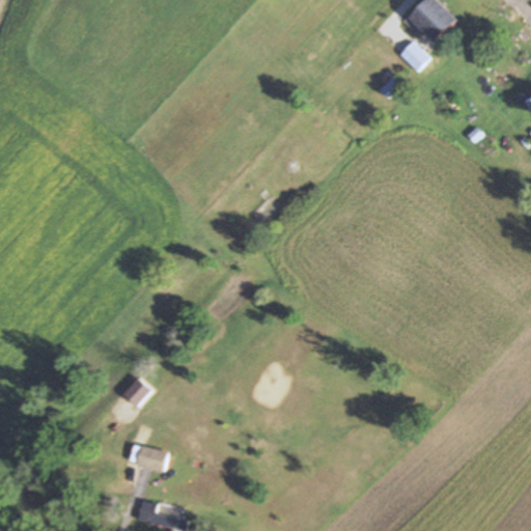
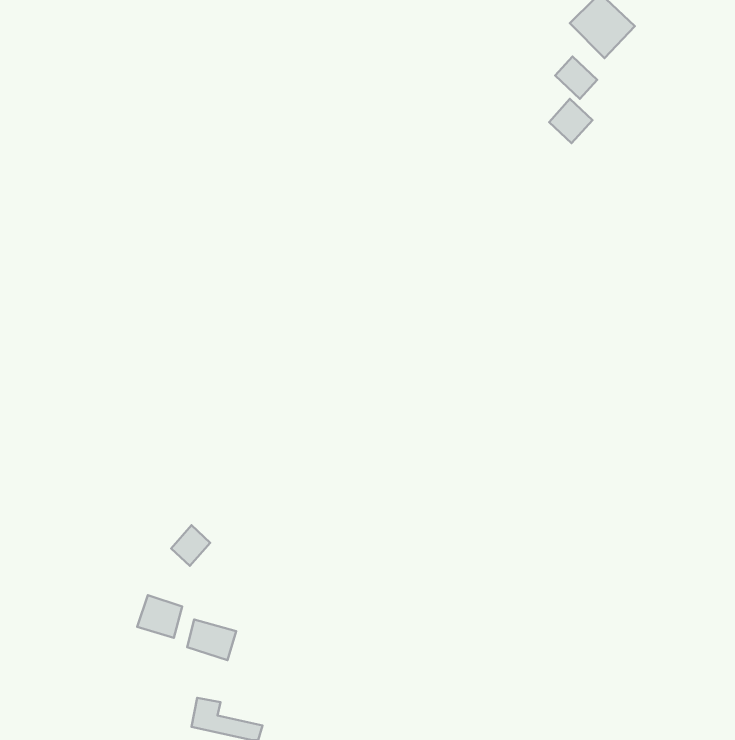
building: none -> [549,99,592,143]
building: none -> [137,595,182,638]

